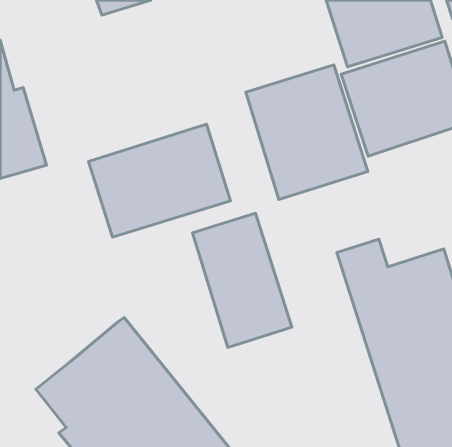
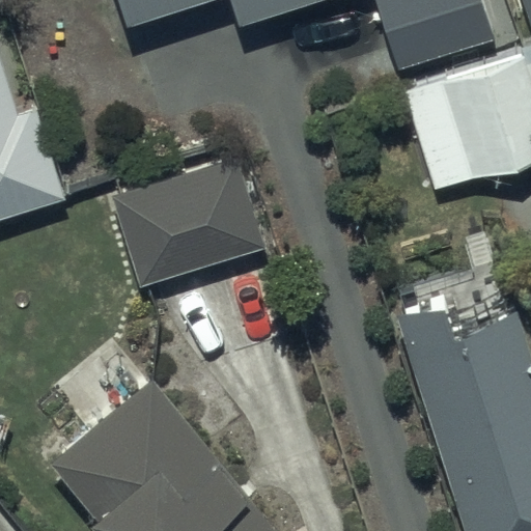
building: [246,65,368,199] -> none
building: [192,213,292,347] -> none

